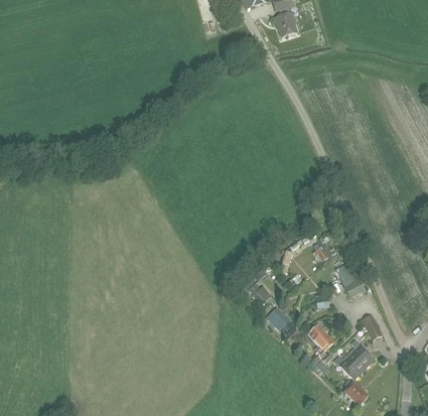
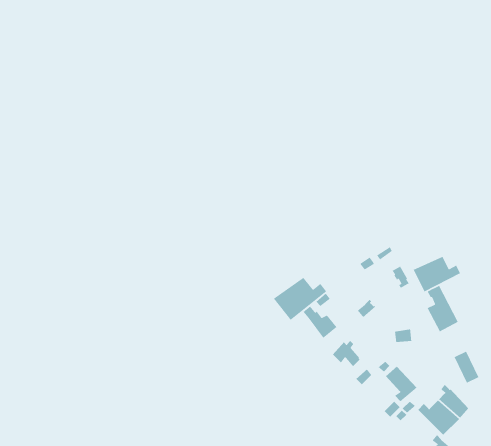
building: none -> [412,256,461,292]
building: none -> [273,277,327,321]

